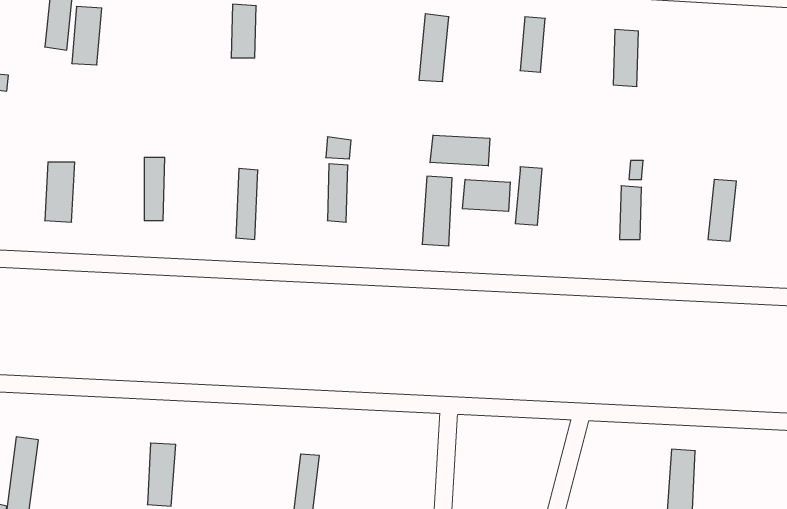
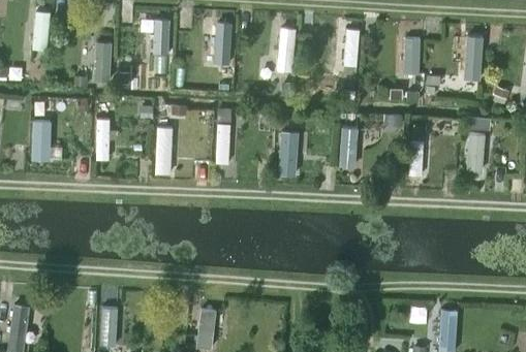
building: [72,7,102,65] -> [93,41,113,79]
building: none -> [214,24,233,66]
building: none -> [464,37,484,82]
building: [430,135,490,166] -> none
building: [462,179,510,211] -> none

